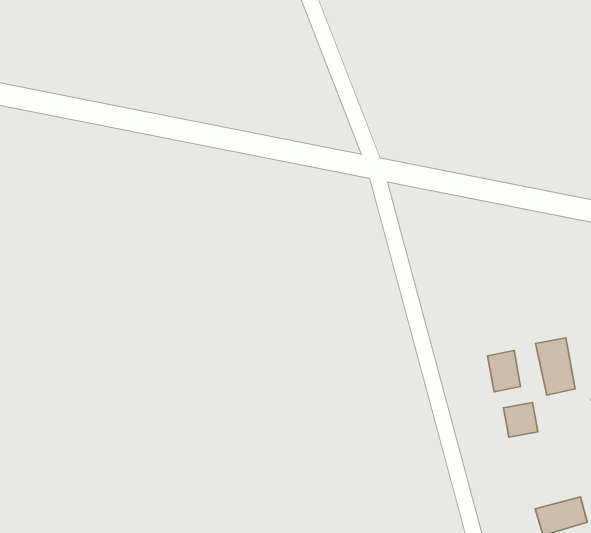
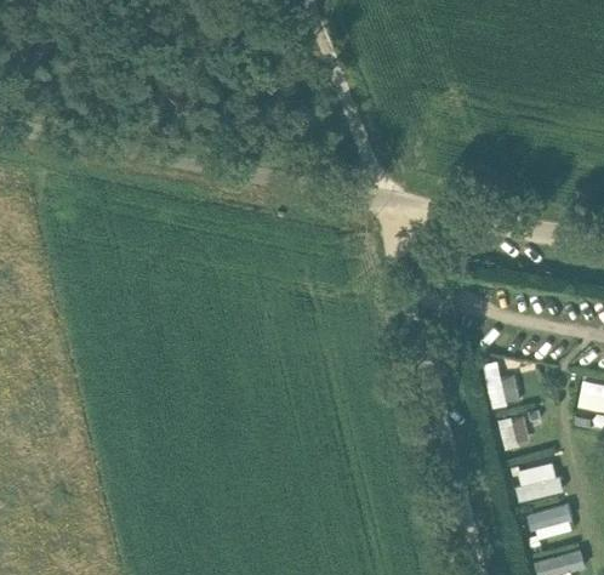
building: [536,338,575,395] -> none
building: none -> [511,459,564,501]

